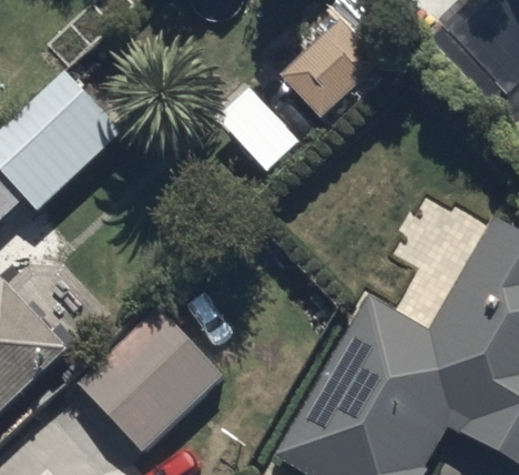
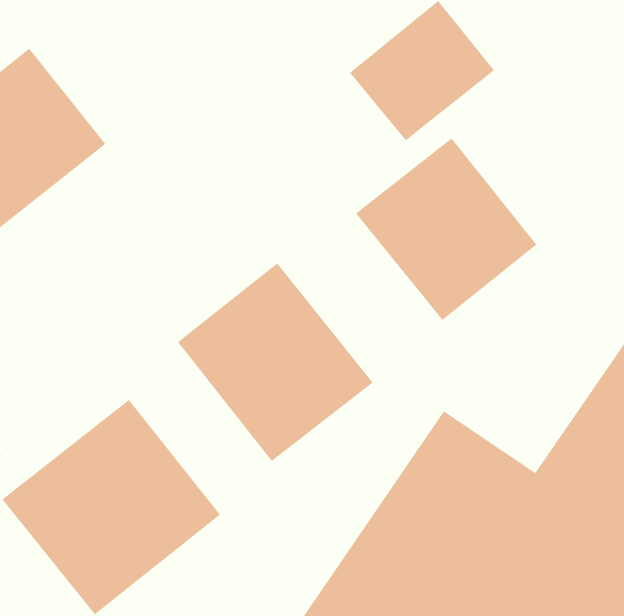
building: none -> [355,137,537,321]
building: none -> [177,263,373,462]

